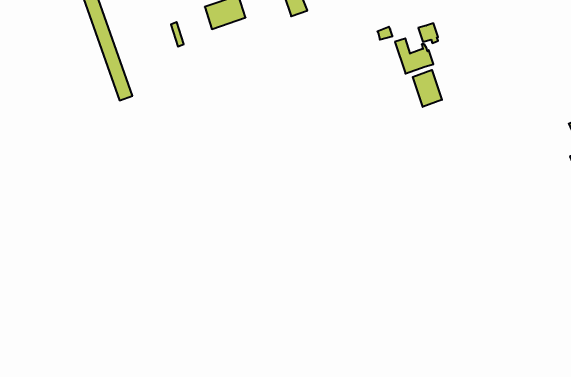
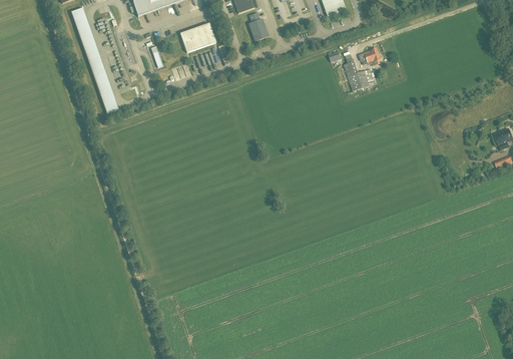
building: [413,70,442,107] -> none

